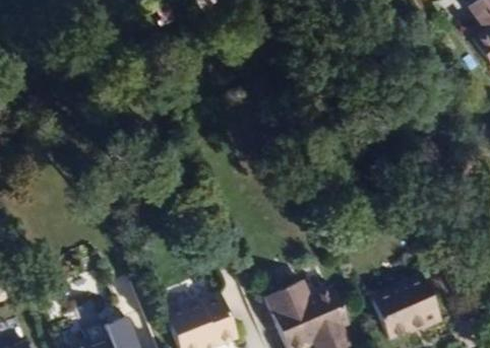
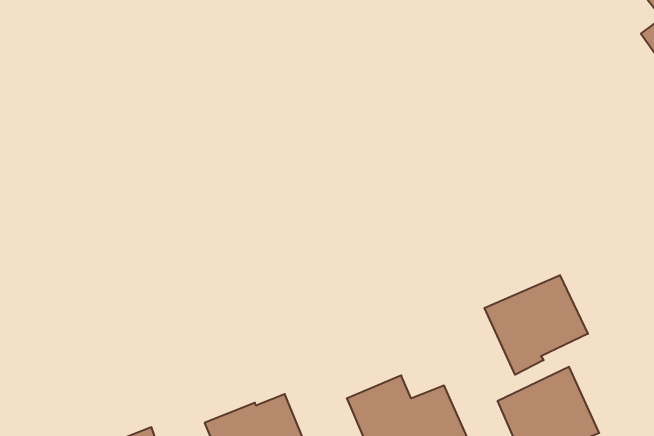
building: none -> [485,275,588,375]

